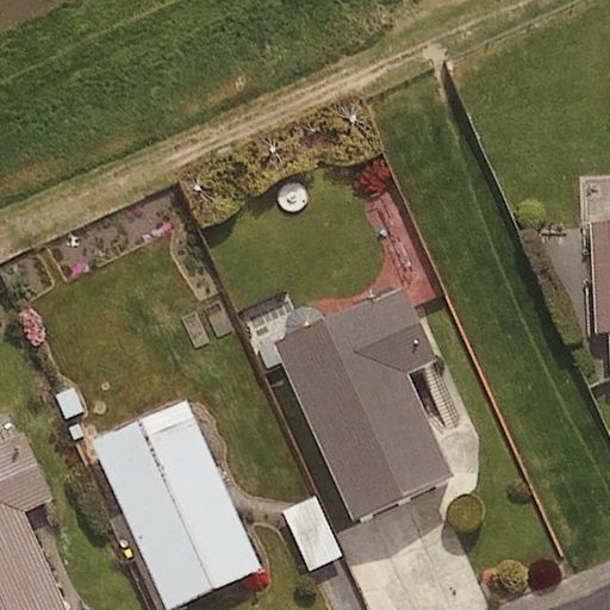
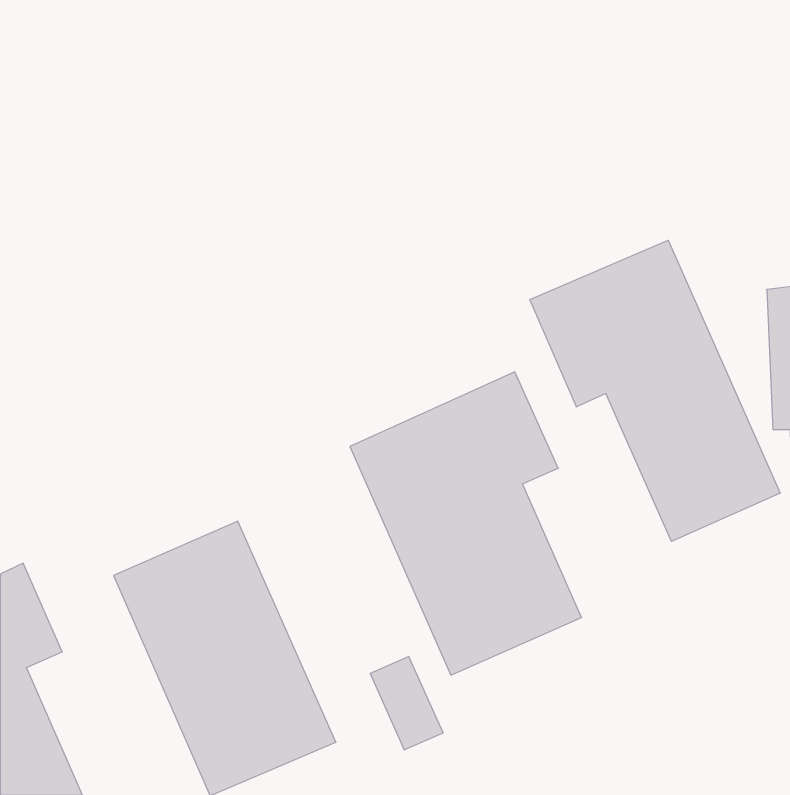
building: none -> [530,240,780,541]

